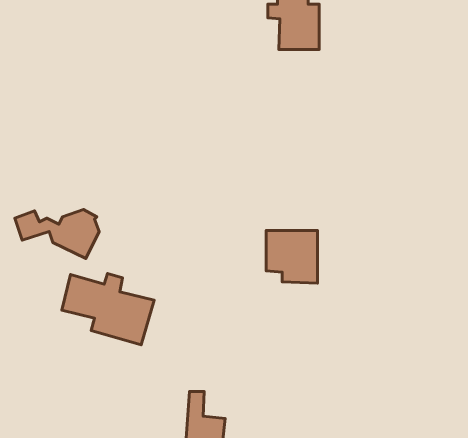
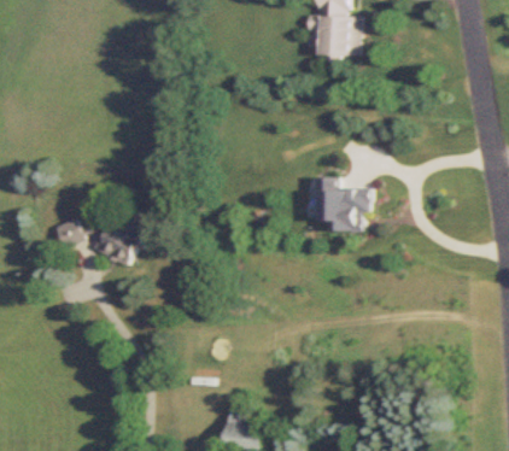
building: [266,231,318,283] -> [316,180,367,232]
building: [62,273,154,345] -> none

